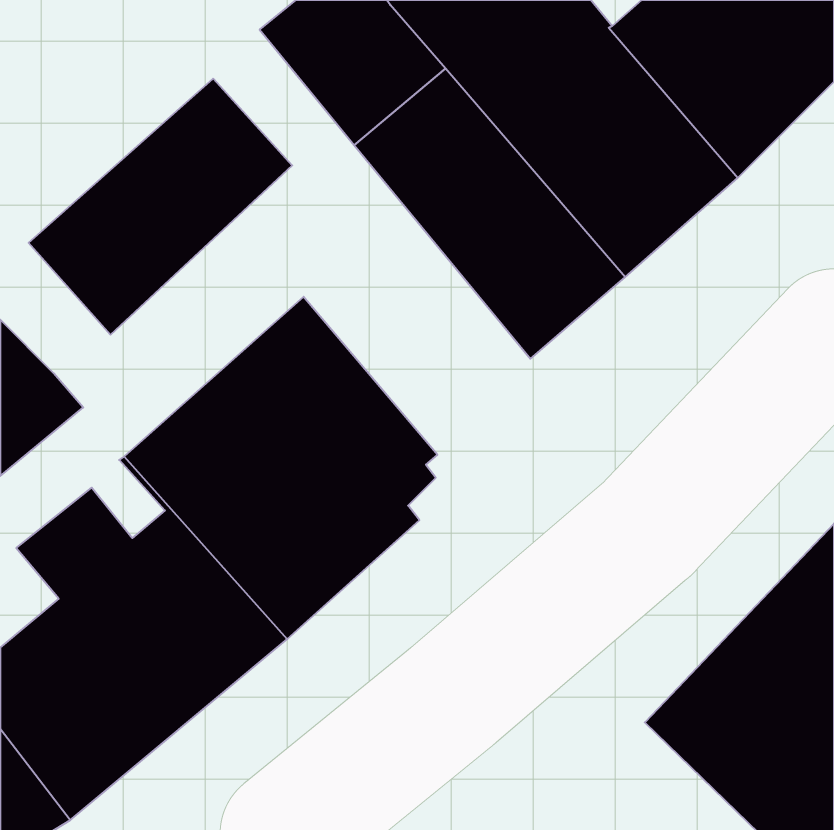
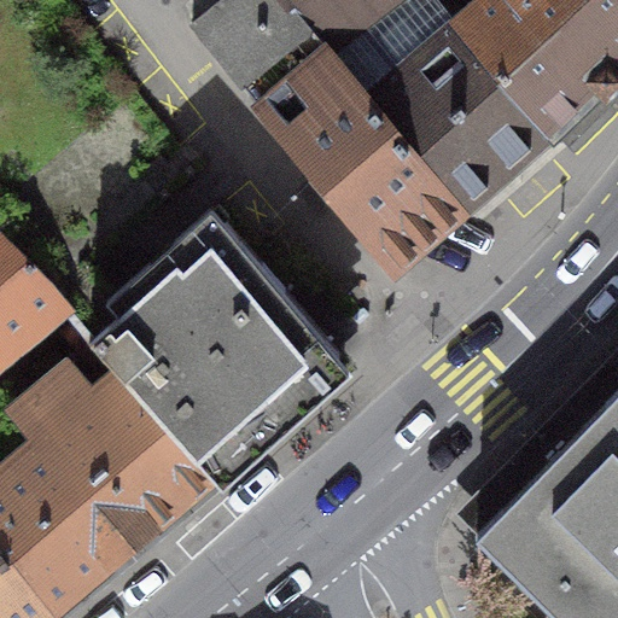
building: [29,79,292,335] -> none

